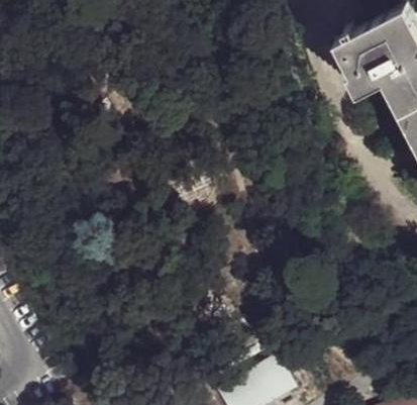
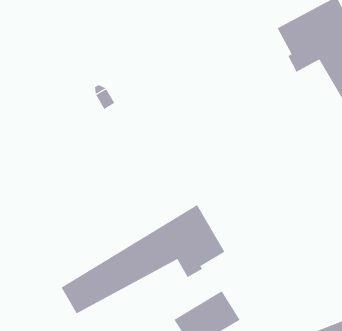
building: none -> [61,204,225,314]

